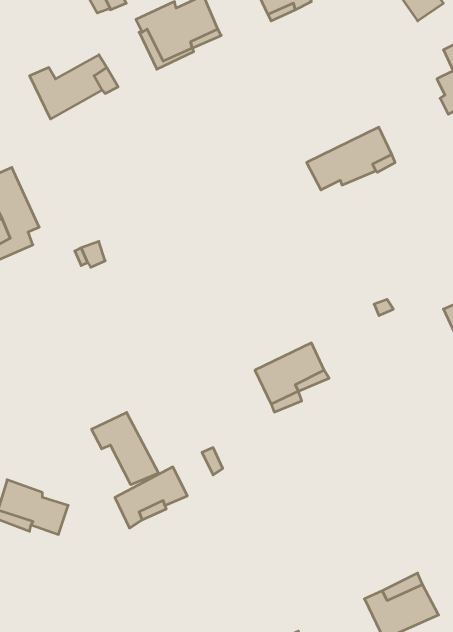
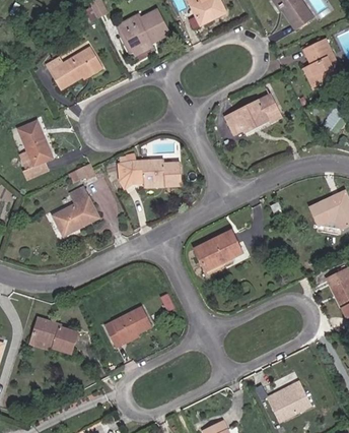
building: none -> [118,159,181,187]
building: none -> [53,186,98,233]
building: [92,412,159,485] -> none

